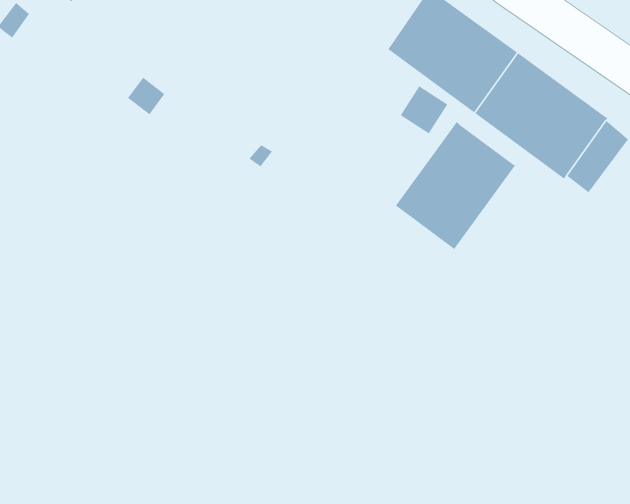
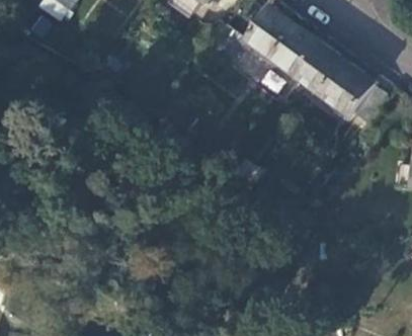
building: [395,121,516,250] -> none

